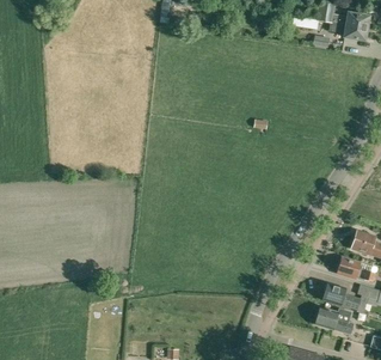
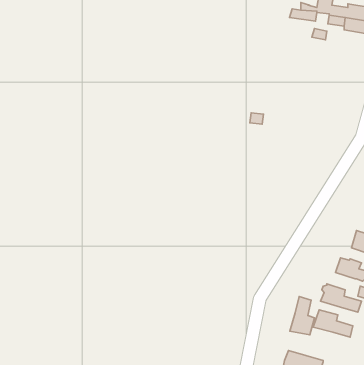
building: none -> [290,296,315,335]

